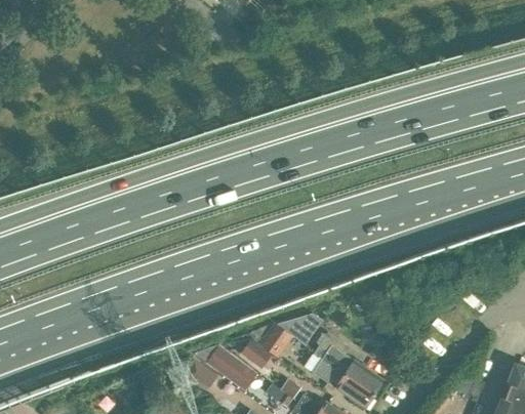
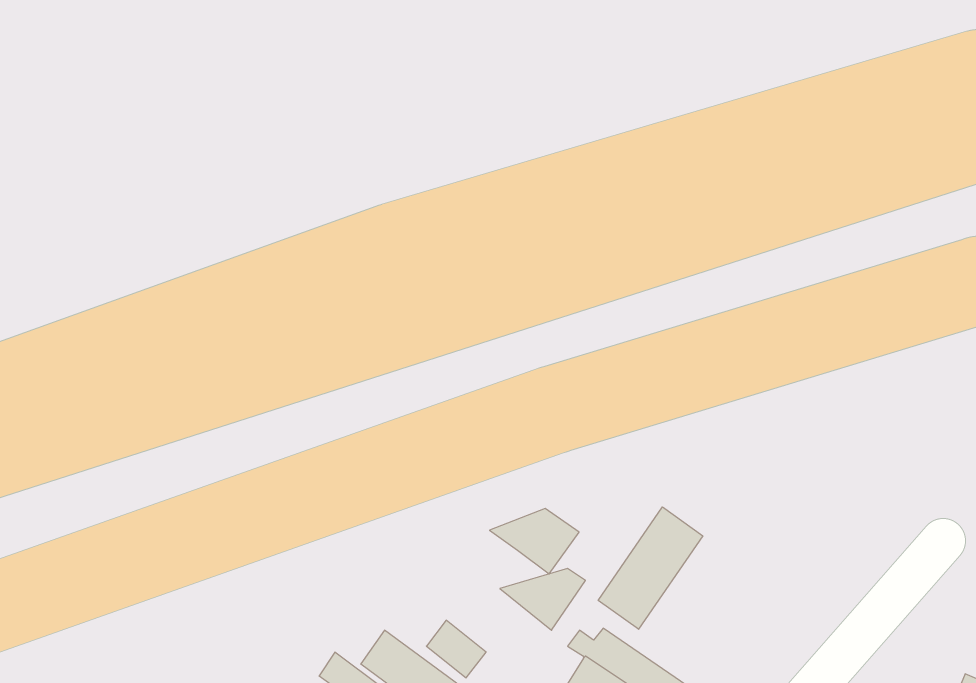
building: none -> [598,507,703,629]
building: [245,324,291,358] -> [490,508,579,574]

